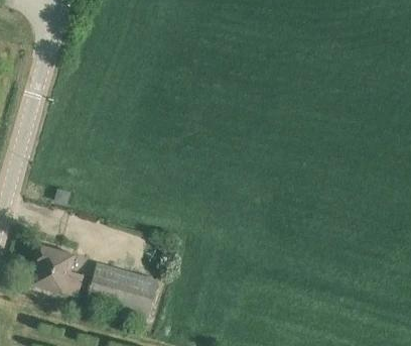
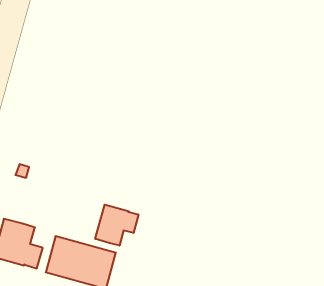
building: none -> [95,205,138,246]

